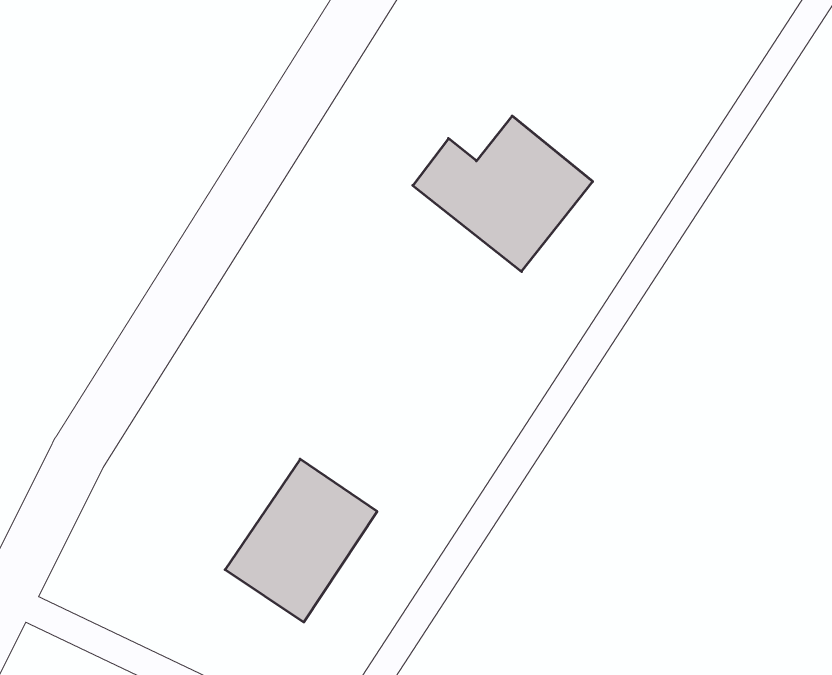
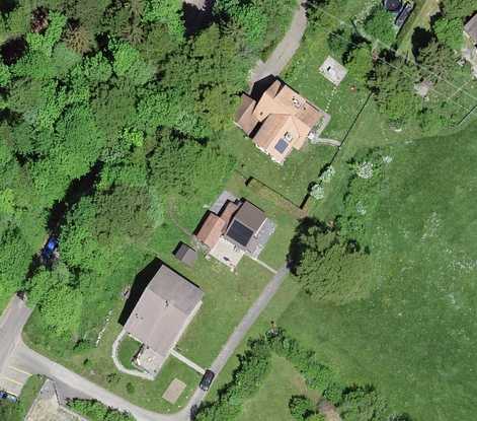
building: none -> [192,199,274,256]

